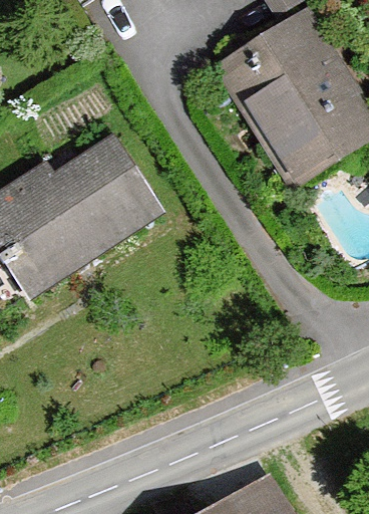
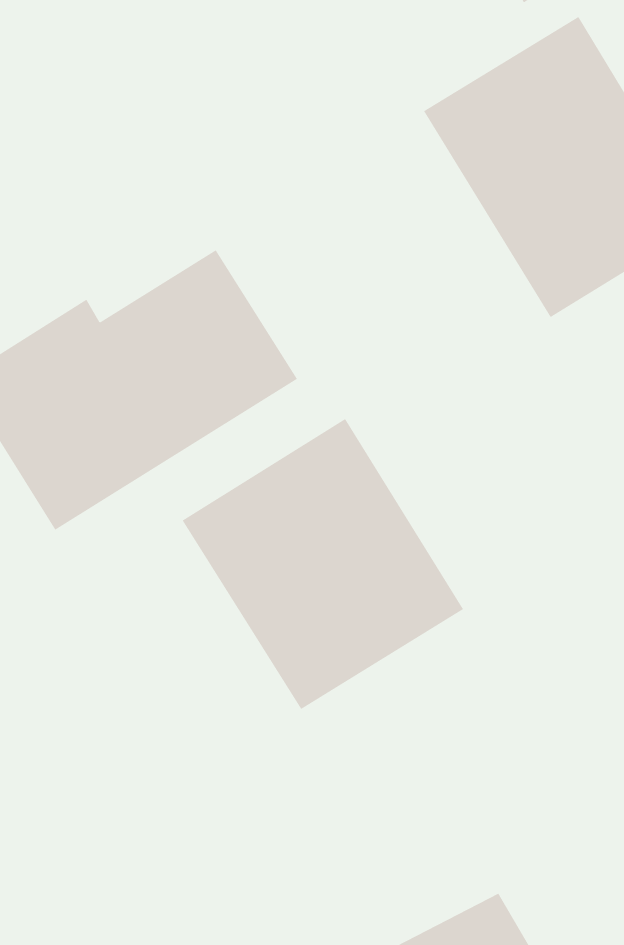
building: none -> [182,418,464,710]

